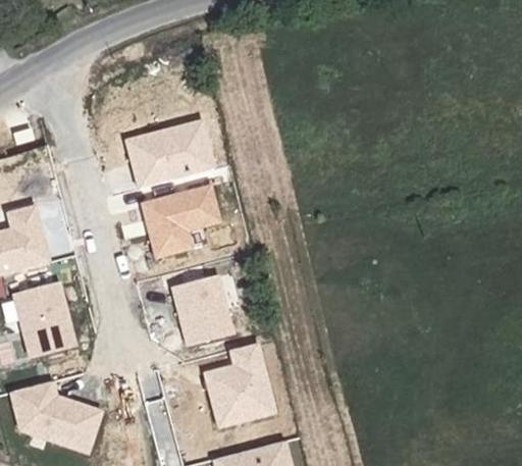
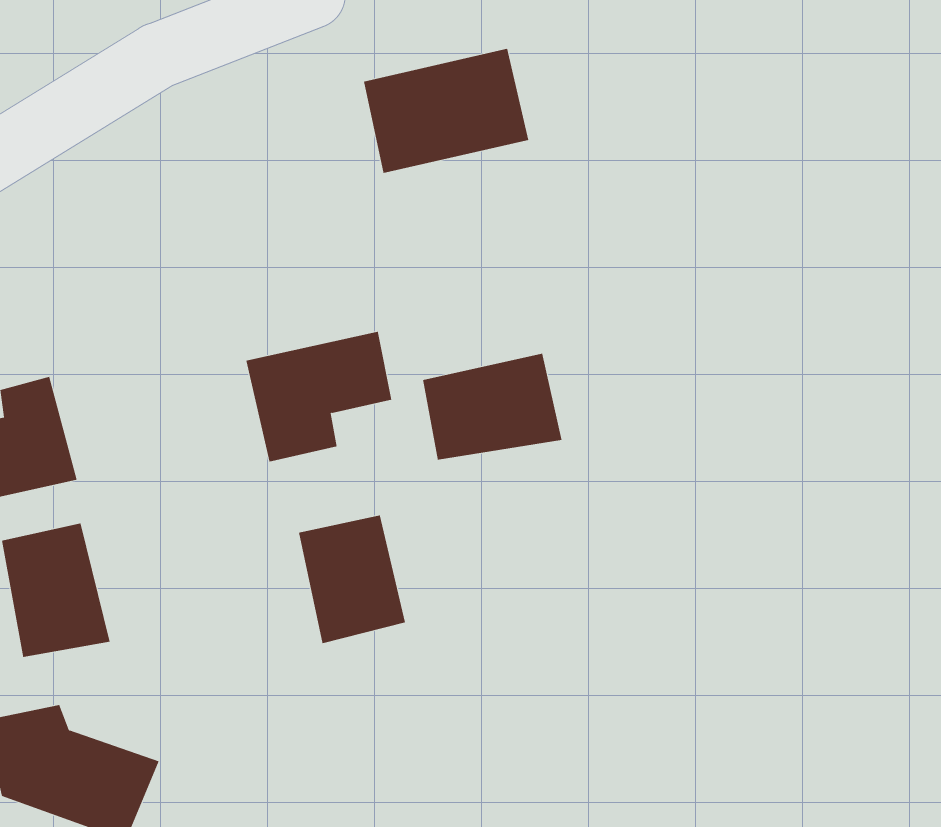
building: [121,113,208,178] -> [363,48,529,173]
building: none -> [422,353,562,461]
building: [206,344,275,428] -> none

